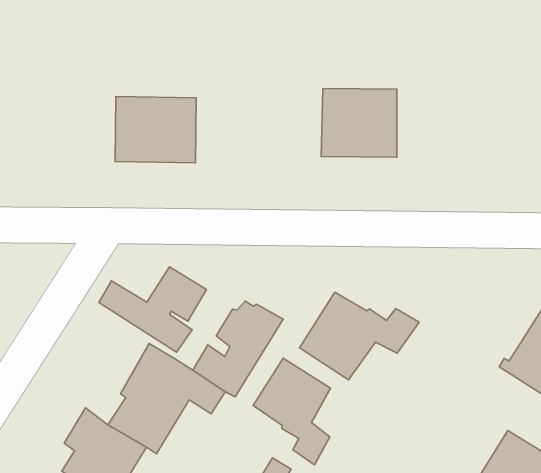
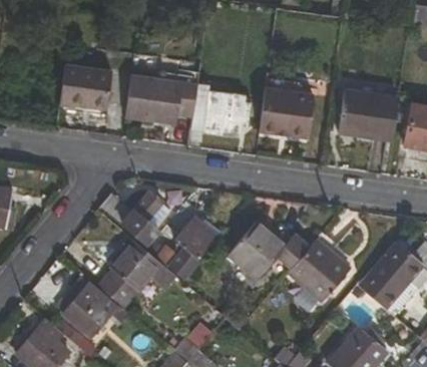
building: none -> [339,89,398,141]
building: none -> [191,82,251,135]
building: none -> [59,64,111,110]
building: none -> [288,239,351,302]
building: [253,358,331,465] -> none

